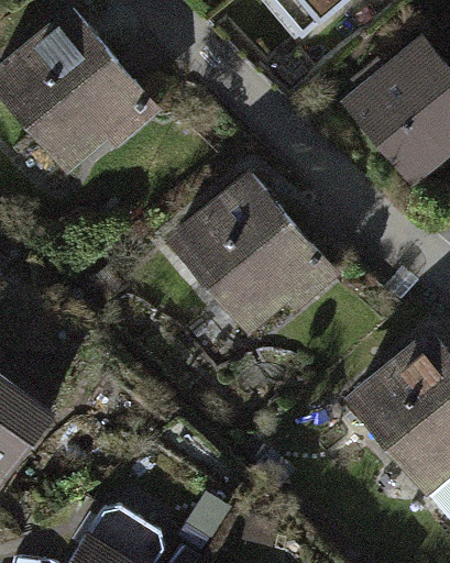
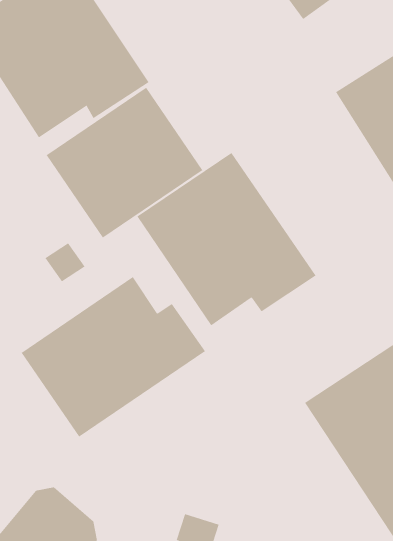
building: none -> [46,87,203,239]
building: none -> [21,276,206,437]

